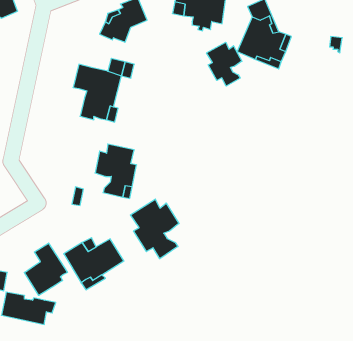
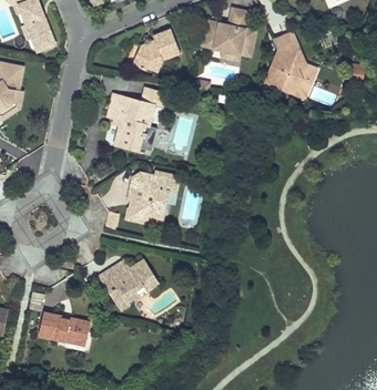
building: [207,42,242,86] -> none
building: [130,199,179,259] -> none
building: [24,243,67,295] -> none

